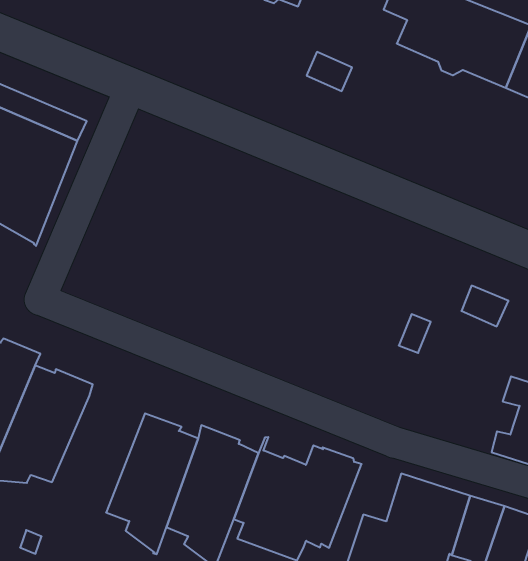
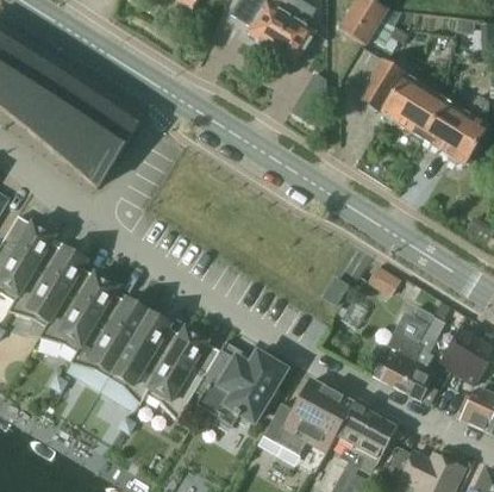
building: none -> [69,293,149,372]

